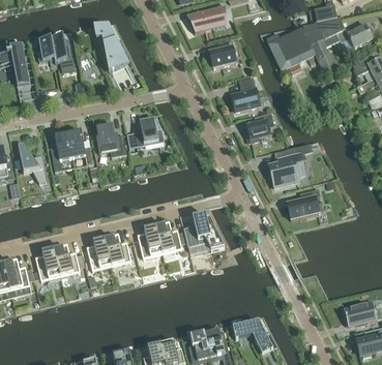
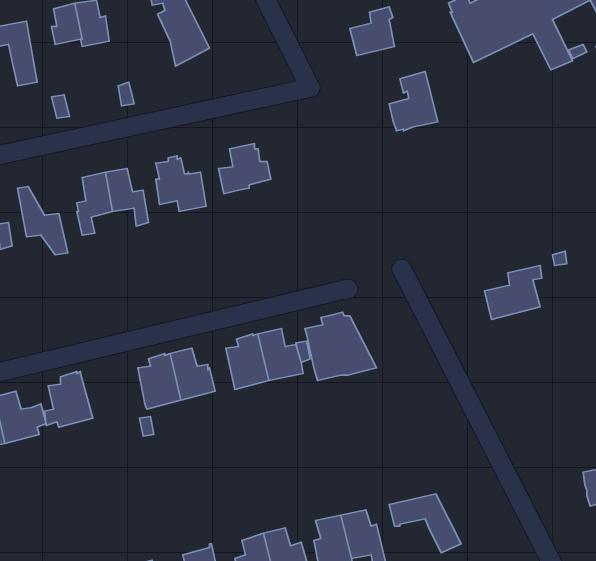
building: [246,113,272,142] -> none
building: [269,143,311,187] -> none
building: [54,246,80,276] -> none

